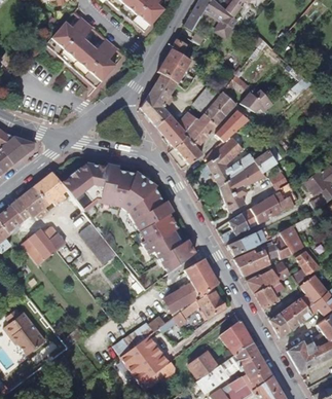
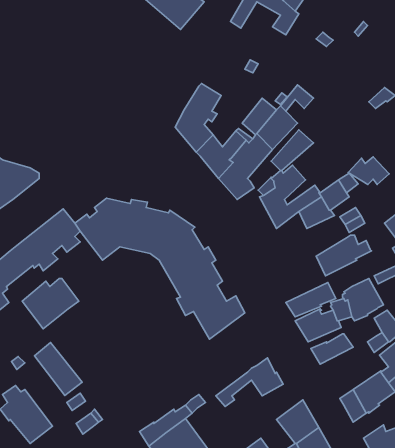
building: [49,15,118,86] -> none
building: [157,38,191,82] -> none
building: [241,89,272,111] -> [348,157,389,185]
building: [220,173,247,212] -> none
building: [222,208,258,241] -> none
building: [80,222,117,263] -> [35,343,82,395]
building: [164,257,219,312] -> none
building: [254,260,291,309] -> none

